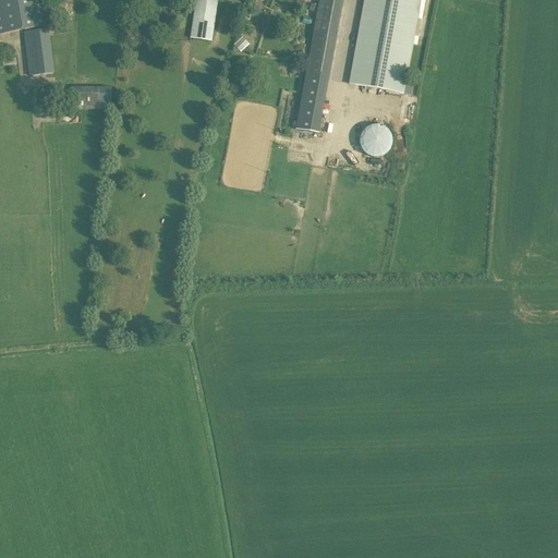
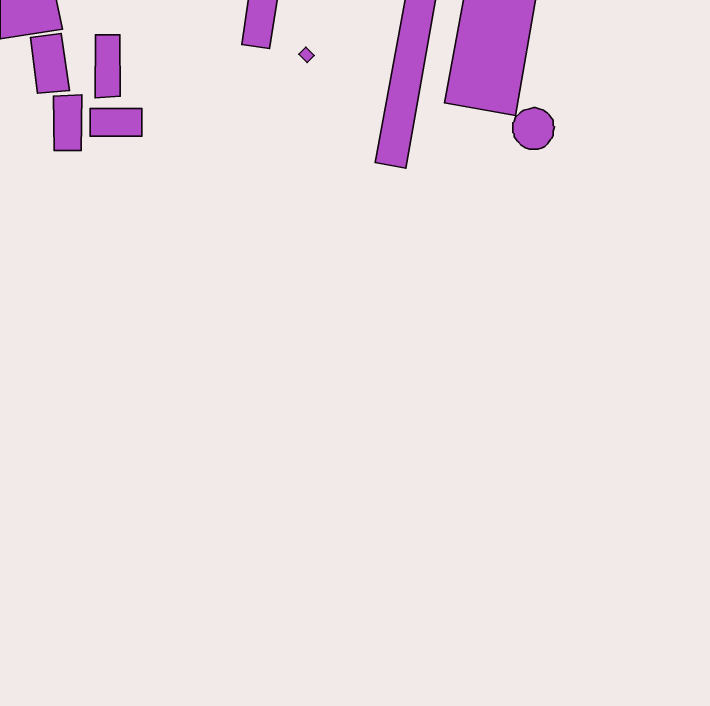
building: none -> [95,35,120,98]
building: none -> [53,95,82,150]
building: [360,122,392,155] -> [513,108,555,149]

